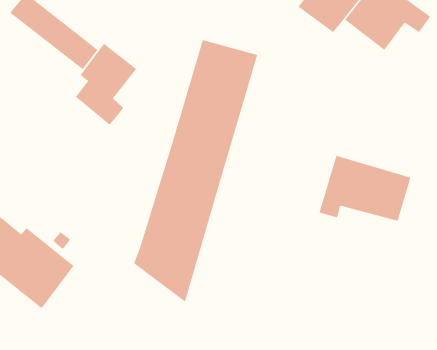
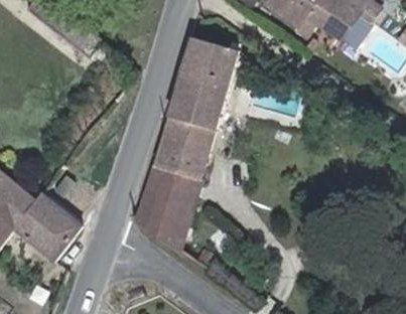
building: [75,43,137,126] -> none
building: [318,155,412,221] -> none

